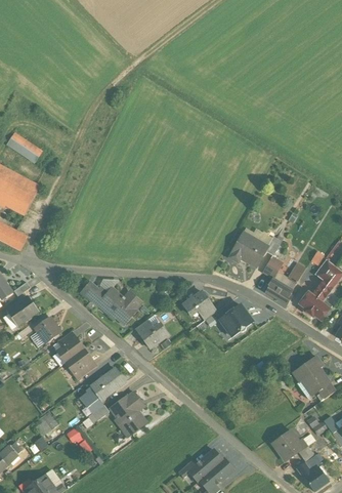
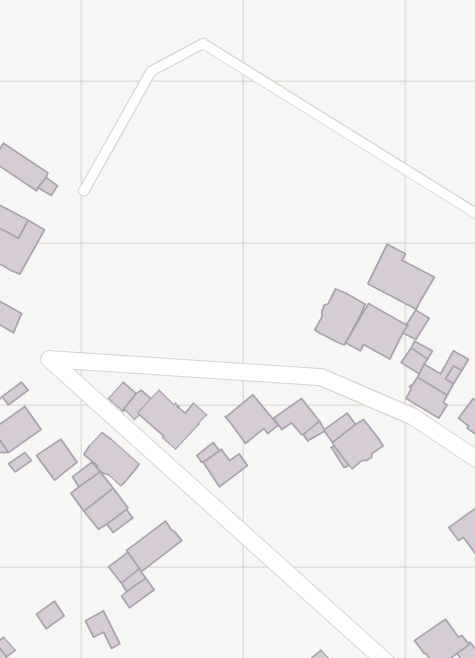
building: none -> [368,244,435,310]
building: none -> [315,289,365,345]
building: none -> [225,395,278,443]
building: none -> [84,433,139,486]
building: [110,392,146,433] -> none

